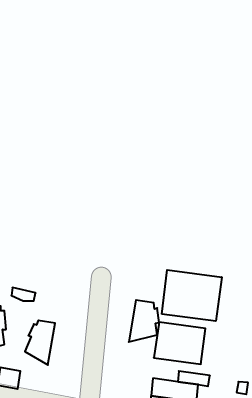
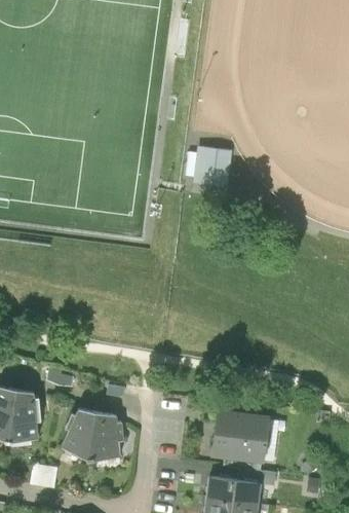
building: none -> [194,150,228,184]
building: [162,270,222,321] -> none
building: [129,300,159,342] -> [88,413,123,462]

